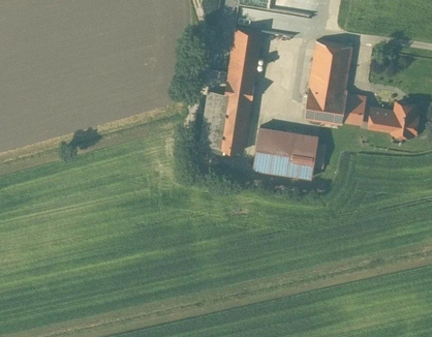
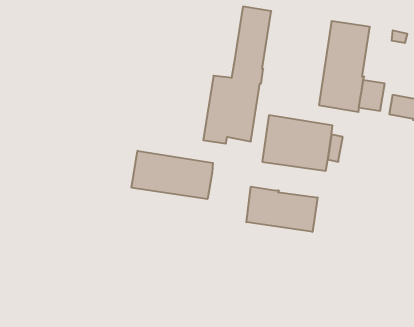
building: none -> [132,151,213,199]
building: none -> [246,187,318,232]

